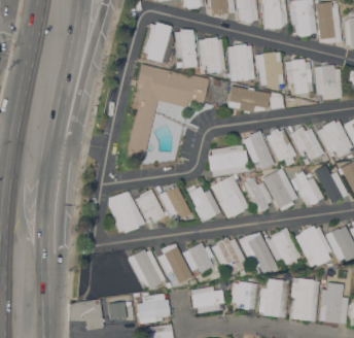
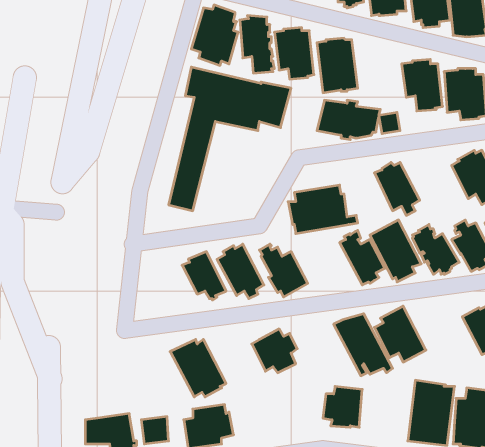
building: [255,52,283,88] -> none
building: [290,126,321,160] -> none
building: [242,130,274,169] -> none
building: [210,175,248,218] -> none
building: [109,192,145,233] -> none
building: [294,226,331,267] -> none
building: [211,237,247,274] -> none
building: [157,244,191,283] -> none
building: [258,278,289,317] -> none
building: [190,286,224,313] -> none

